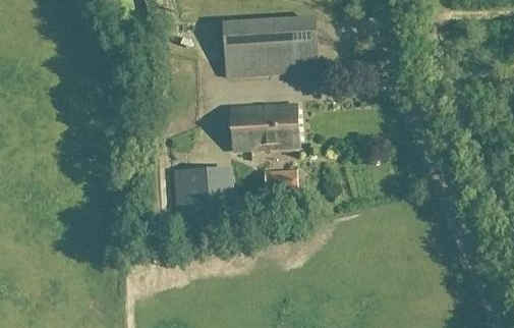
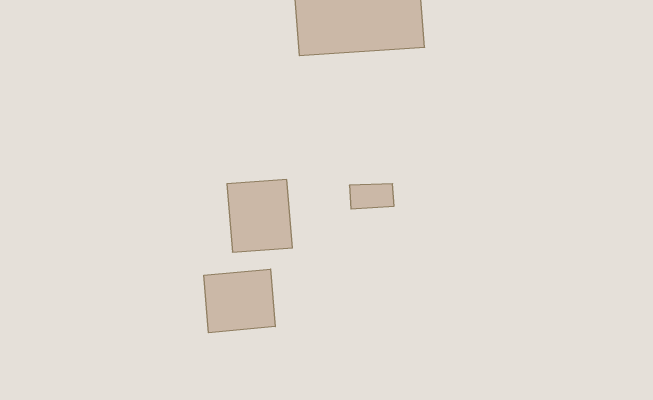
building: [230,103,298,148] -> none
building: none -> [204,269,275,333]

